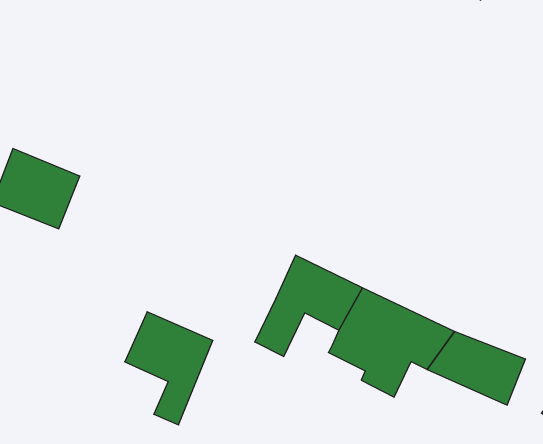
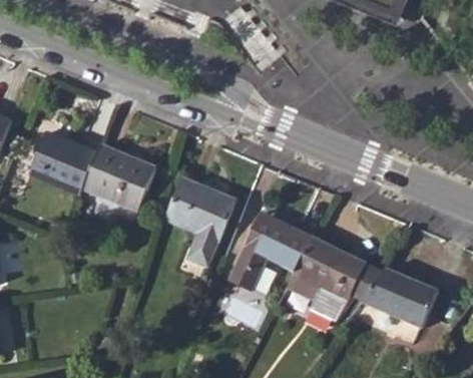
building: none -> [82,143,155,209]
building: [125,312,213,425] -> [166,176,233,263]

